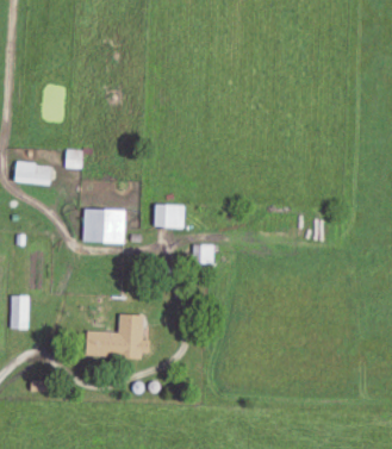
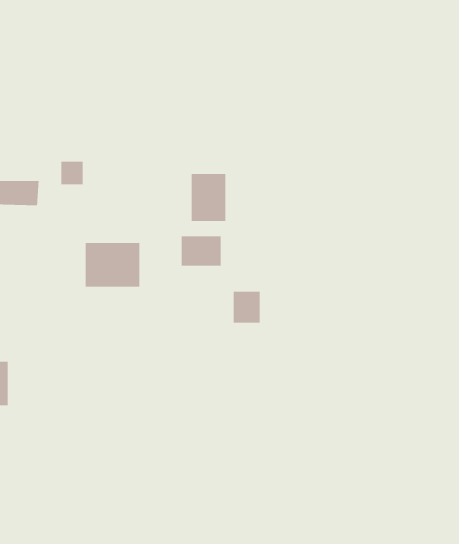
building: none -> [191,173,226,222]
building: [85,313,147,358] -> none

